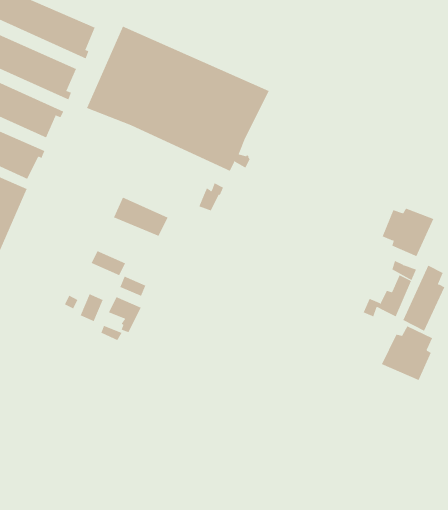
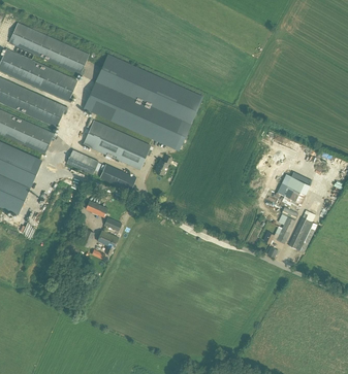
building: none -> [83,121,151,169]
building: none -> [66,150,97,175]
building: [381,325,433,381] -> none

